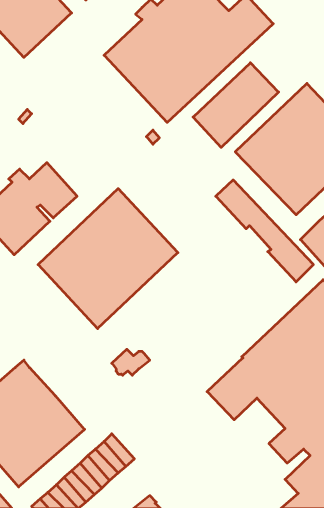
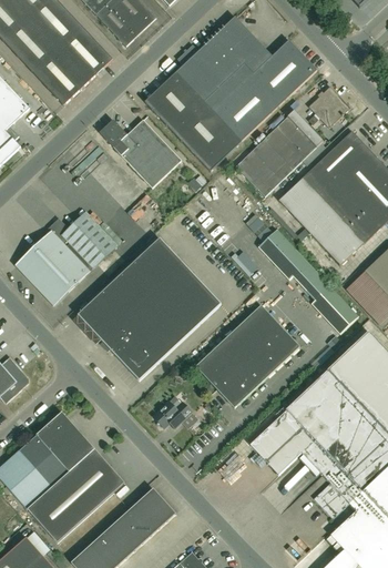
building: none -> [310,85,351,121]
building: none -> [100,119,182,187]
building: none -> [196,306,300,408]

